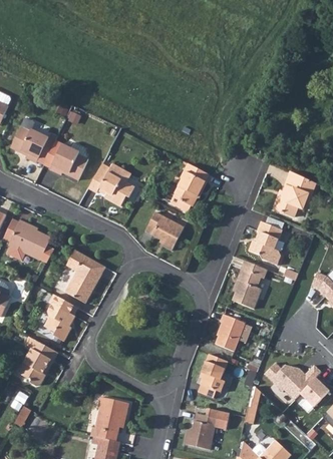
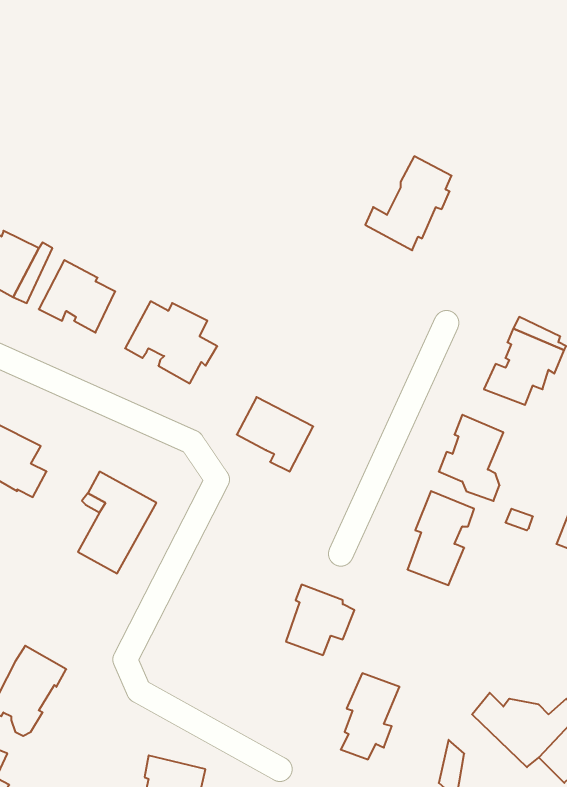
building: [164,163,209,211] -> [365,156,452,250]
building: [44,292,78,341] -> none
building: [216,313,251,349] -> [286,585,354,655]

